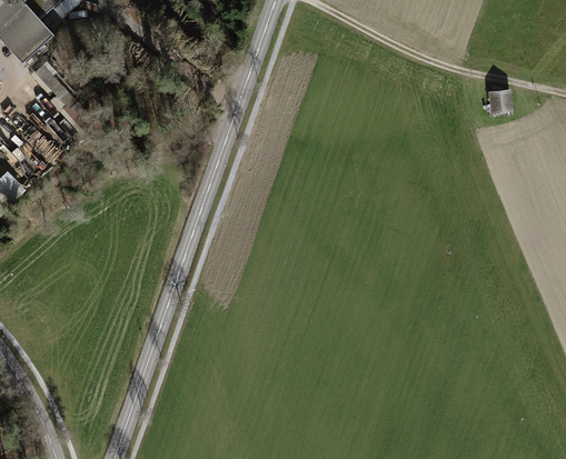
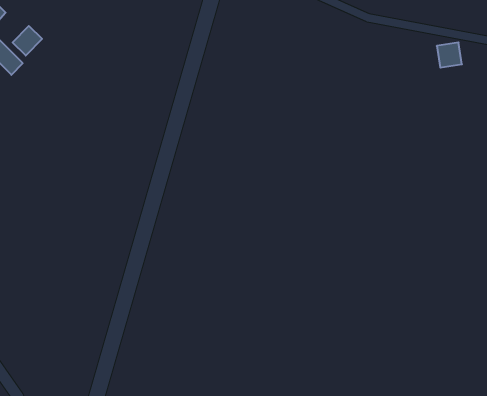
building: none -> [13,26,42,56]

